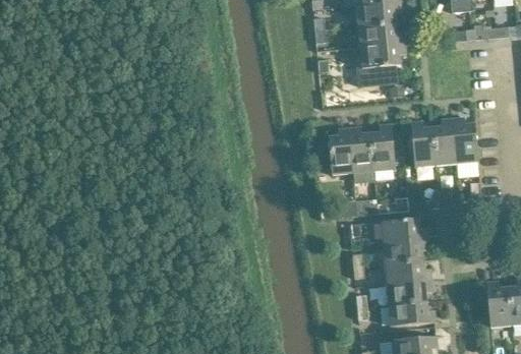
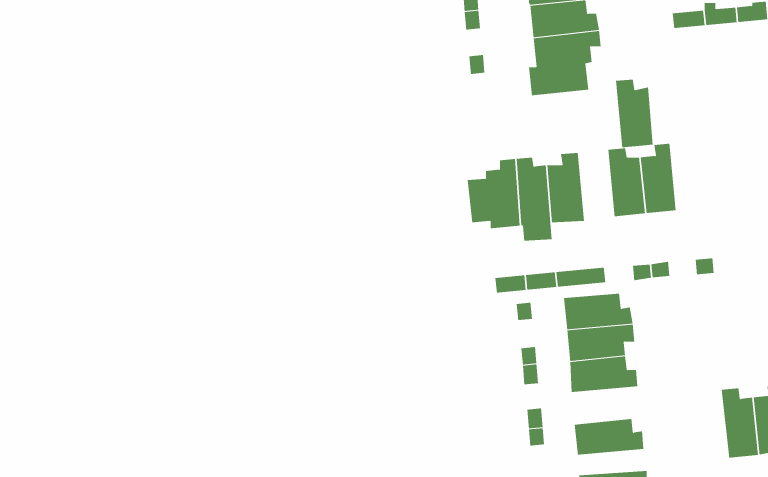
building: [452,118,477,164] -> [615,79,653,148]
building: [386,281,431,306] -> none

